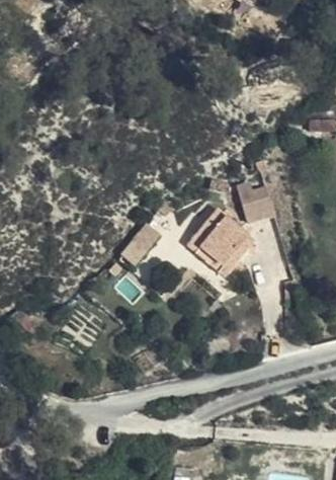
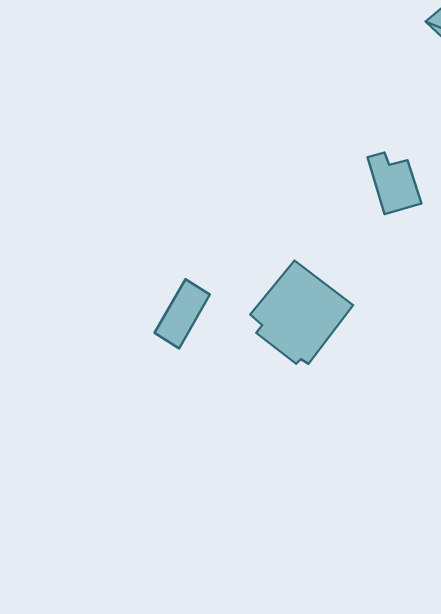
building: [240,179,275,220] -> [367,153,421,214]

